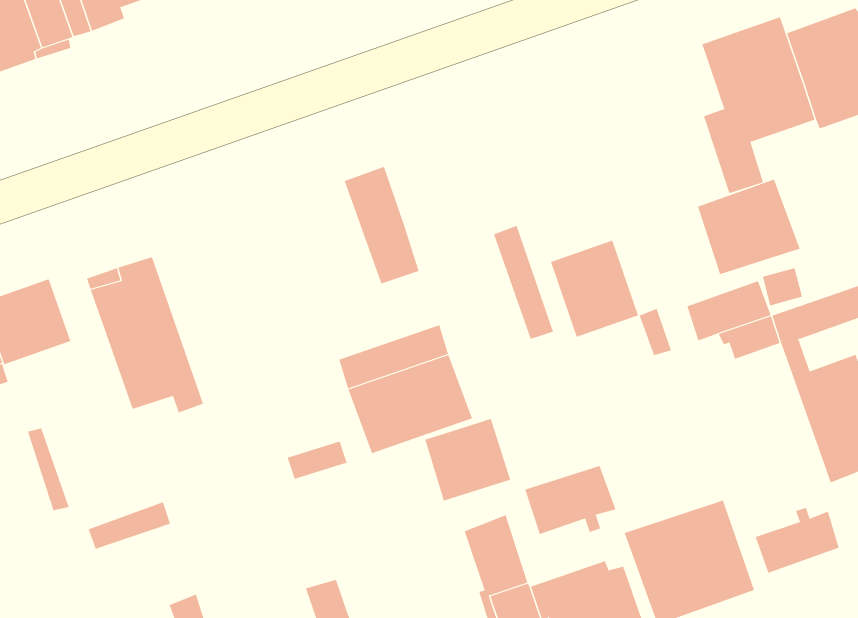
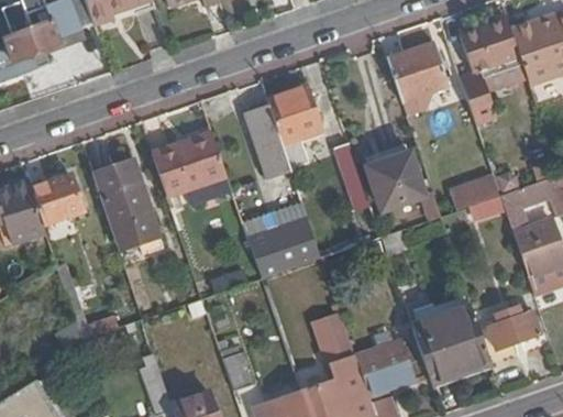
building: none -> [266,85,322,142]
building: [697,179,800,275] -> [387,43,449,100]
building: none -> [152,131,224,194]
building: [424,418,511,502] -> none
building: [525,465,616,535] -> none

